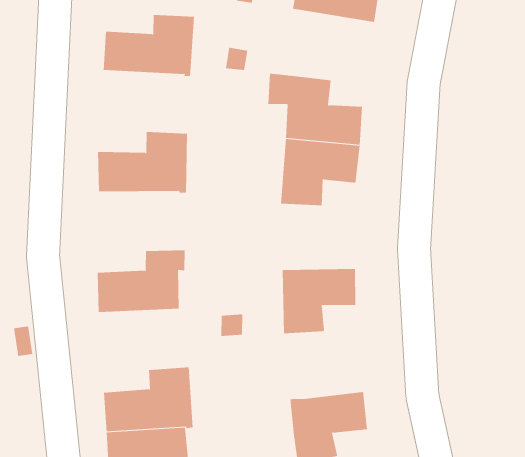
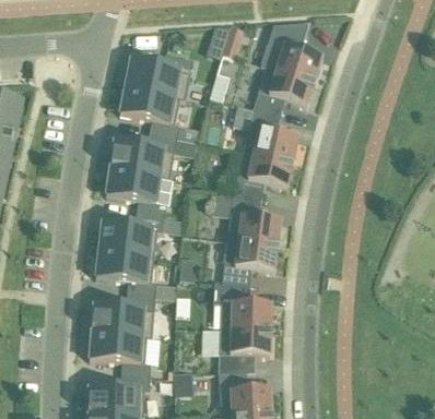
building: none -> [251,63,315,116]
building: none -> [120,86,180,137]
building: none -> [106,168,166,216]
building: none -> [227,194,281,246]
building: none -> [96,250,156,296]
building: none -> [213,283,271,330]

